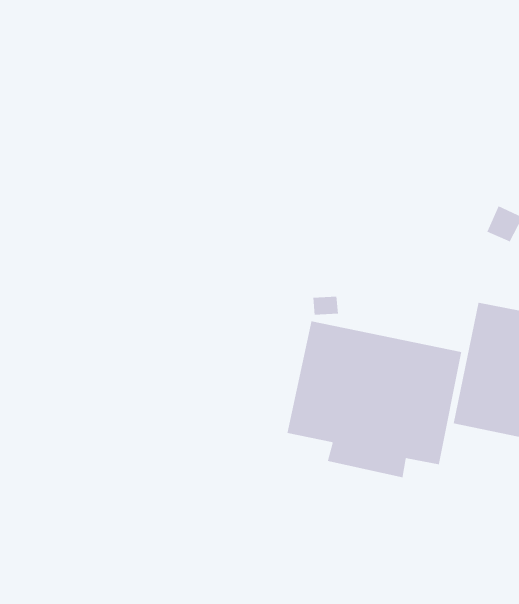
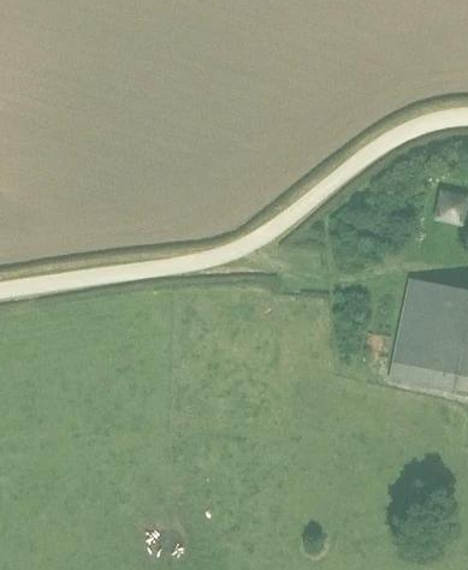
building: [287,321,462,478] -> none

